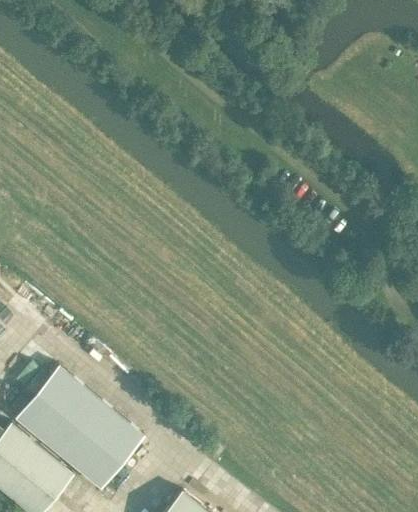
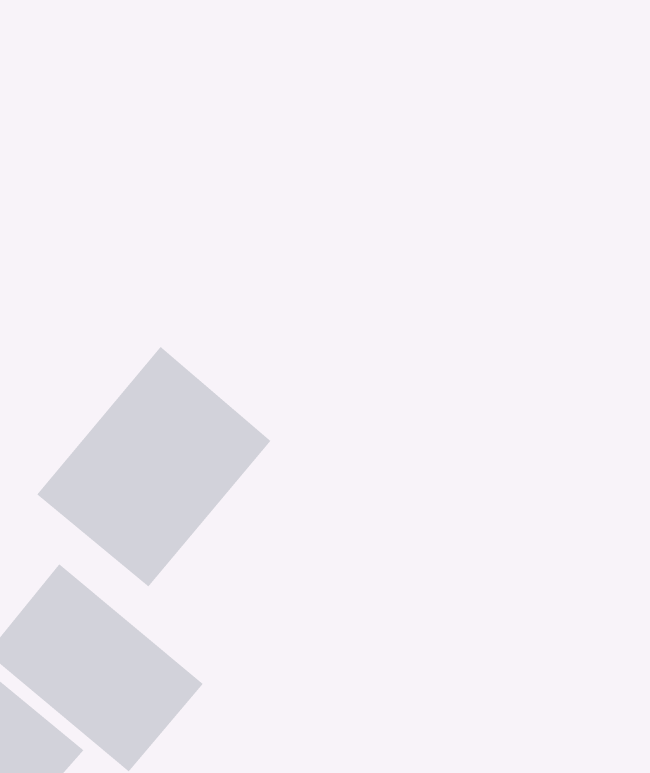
building: none -> [36,346,272,587]

